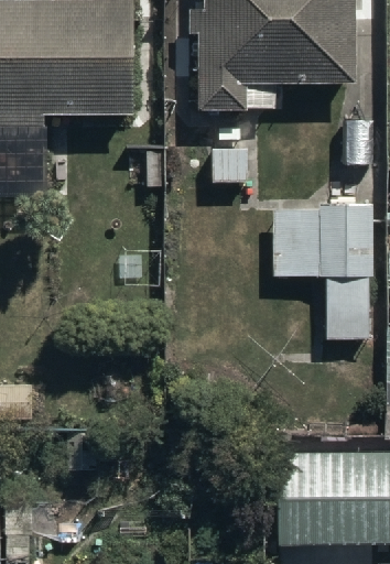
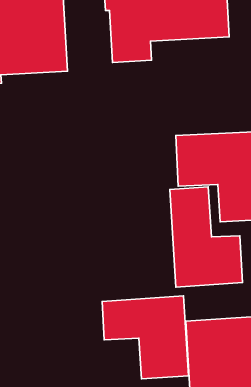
building: none -> [170,187,242,287]
building: none -> [102,296,188,379]

